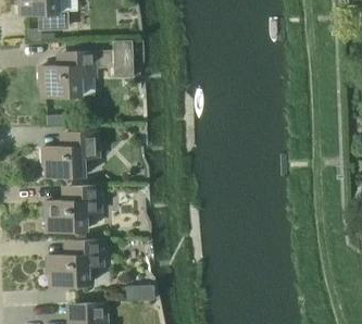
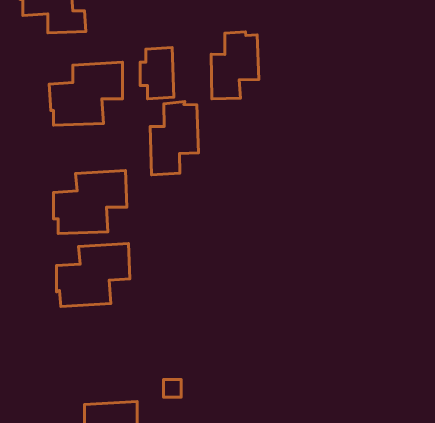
building: none -> [211,32,259,99]
building: none -> [150,102,198,175]
building: [50,239,104,286] -> none

